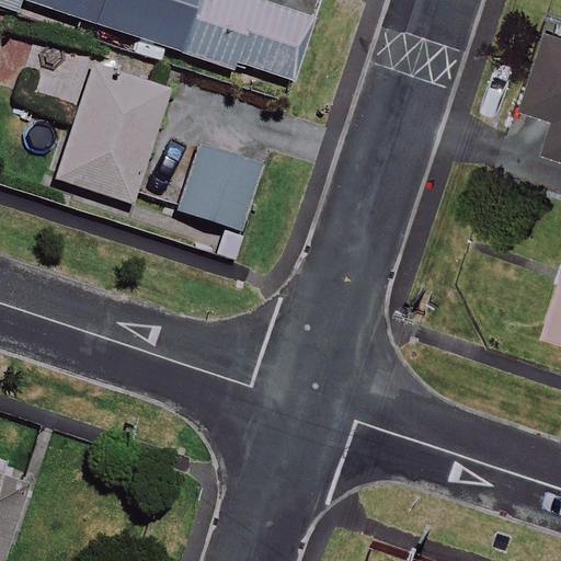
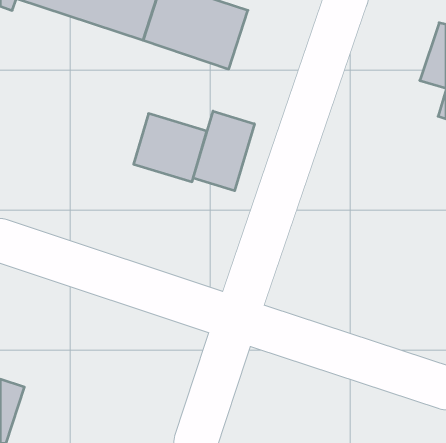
building: [31,53,169,202] -> none
building: none -> [193,111,254,191]

